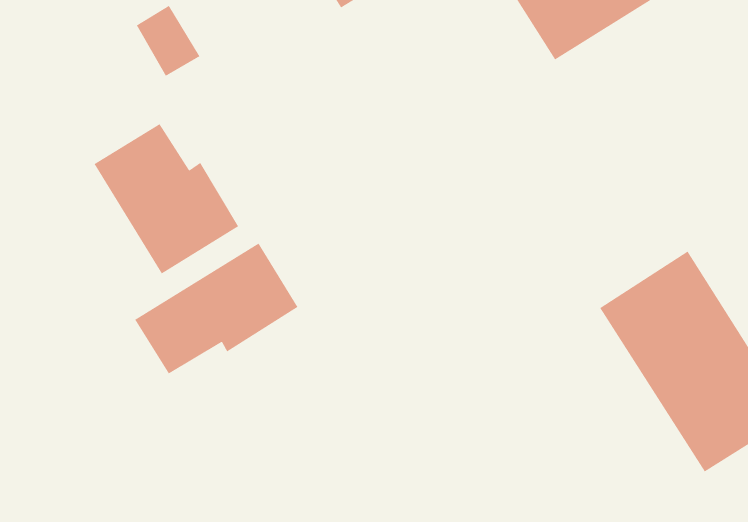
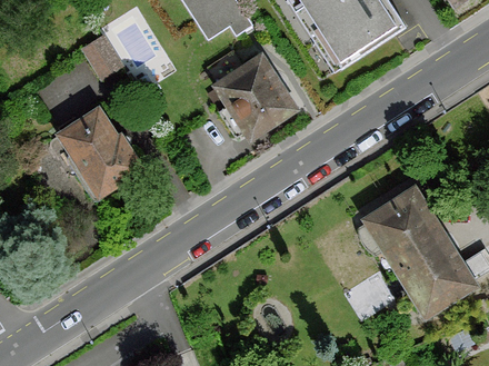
building: none -> [212,51,298,140]
building: [134,243,298,374] -> none

